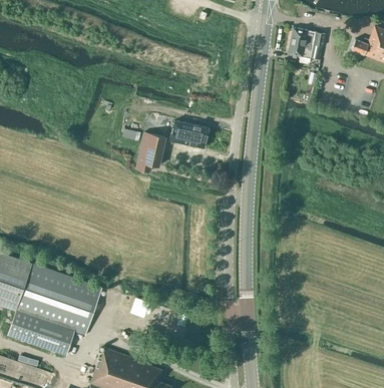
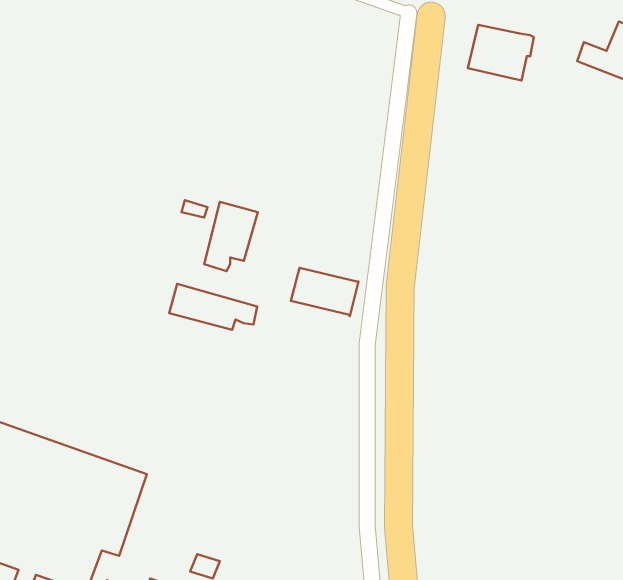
building: [169,120,209,148] -> [291,268,358,316]
building: none -> [169,284,257,330]

